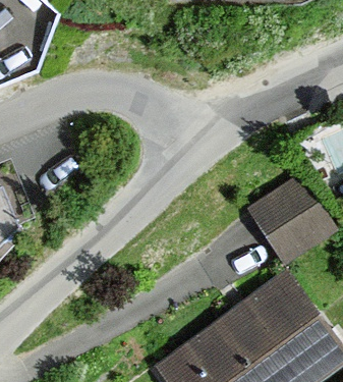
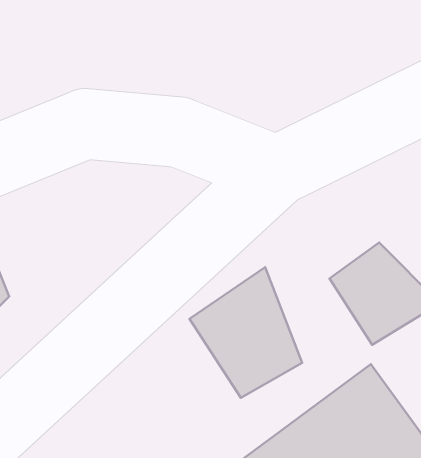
building: none -> [190,267,302,398]

